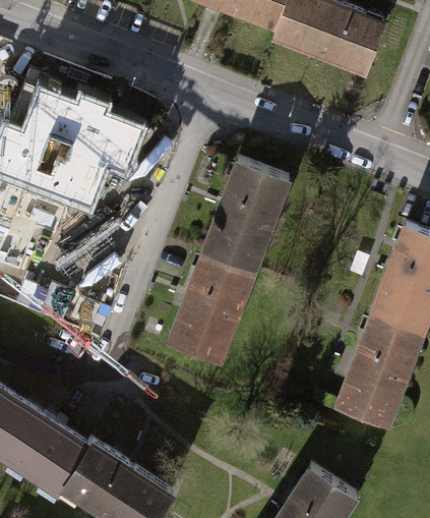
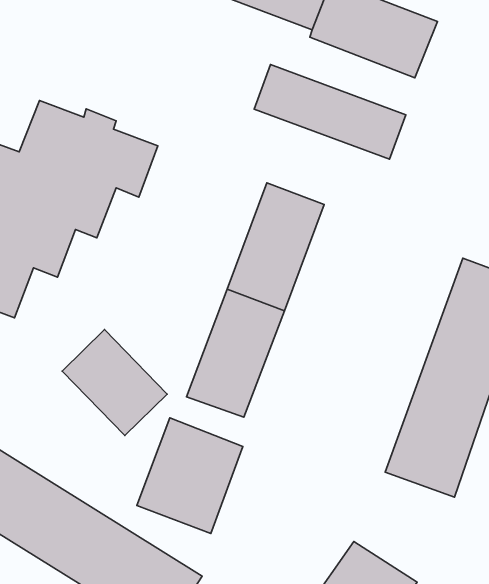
building: none -> [254,64,406,159]
building: none -> [62,330,167,436]
building: none -> [137,418,243,533]

